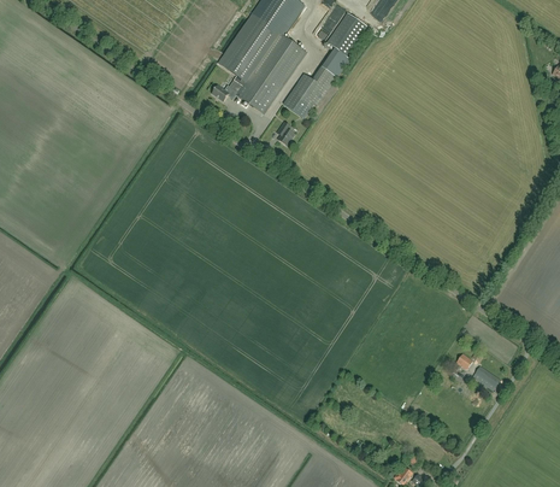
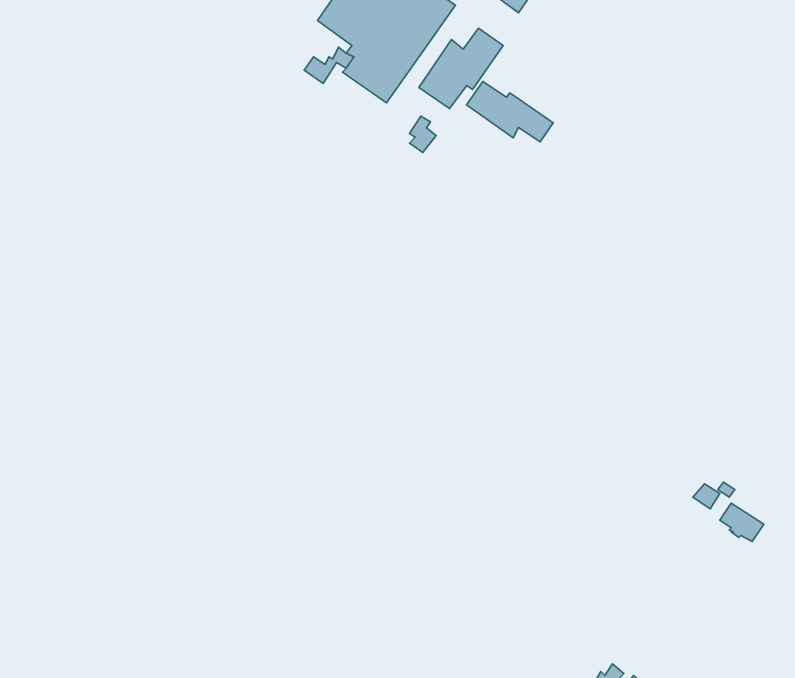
building: none -> [467,82,553,142]

